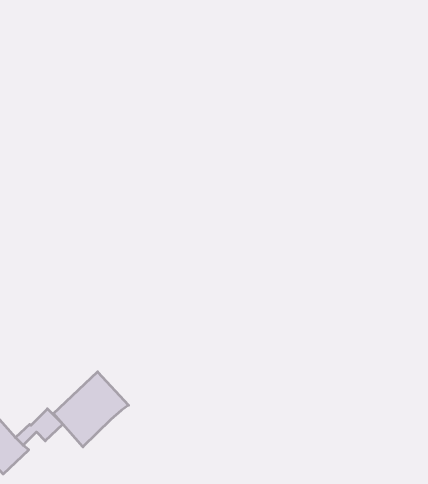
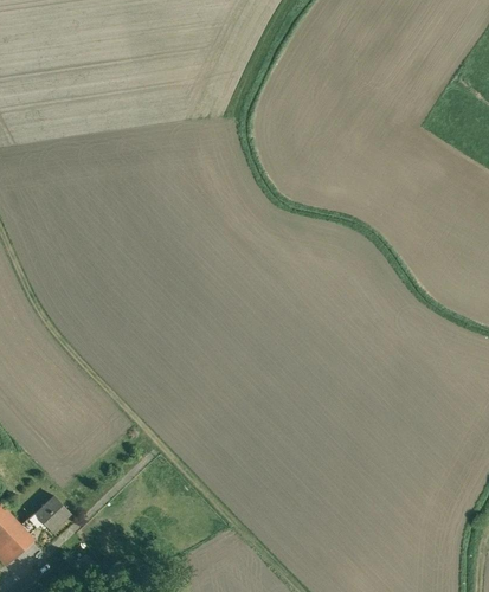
building: [53,372,129,447] -> none

